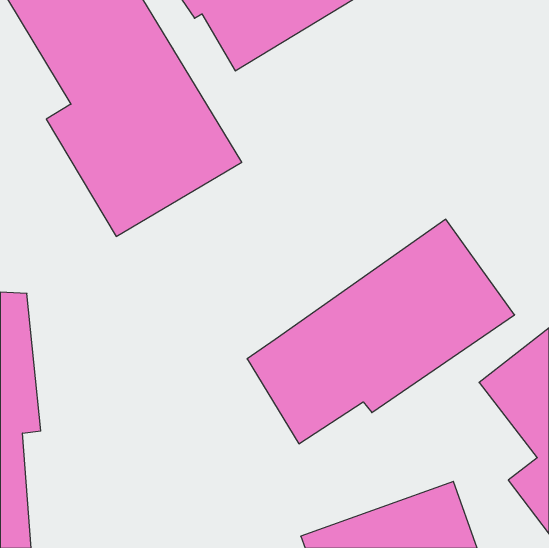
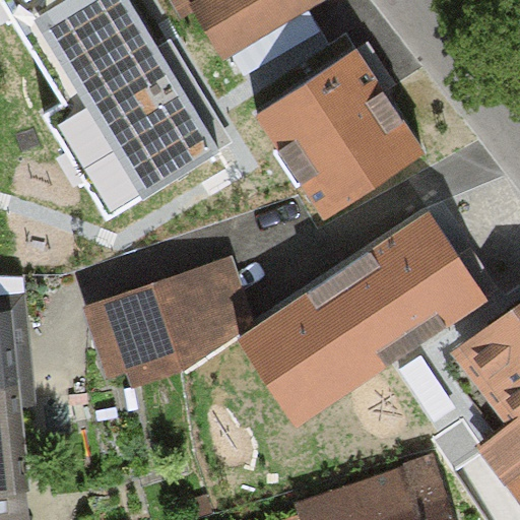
building: none -> [259,52,415,209]
building: none -> [81,254,260,400]

